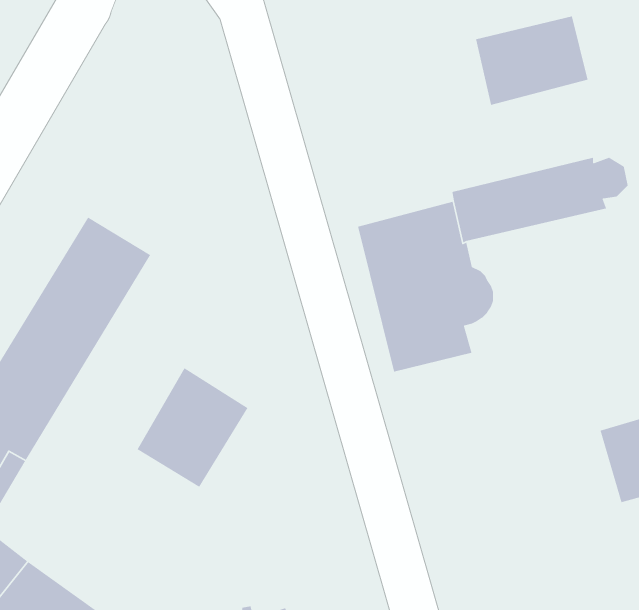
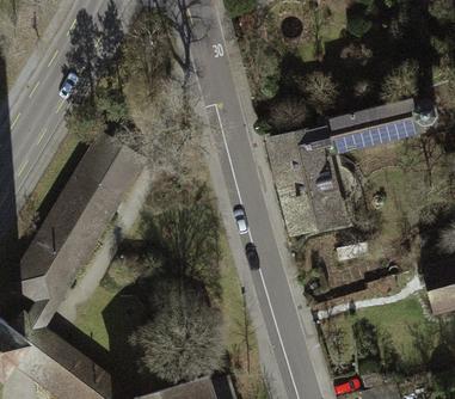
building: [475,16,588,106] -> none
building: [136,367,249,488] -> none

